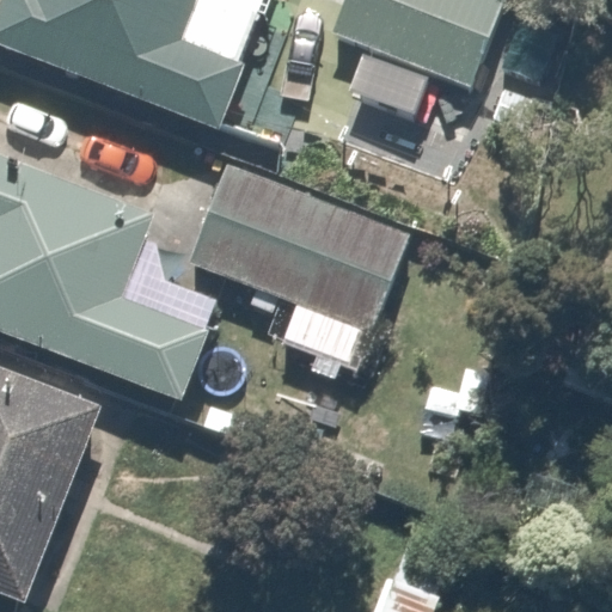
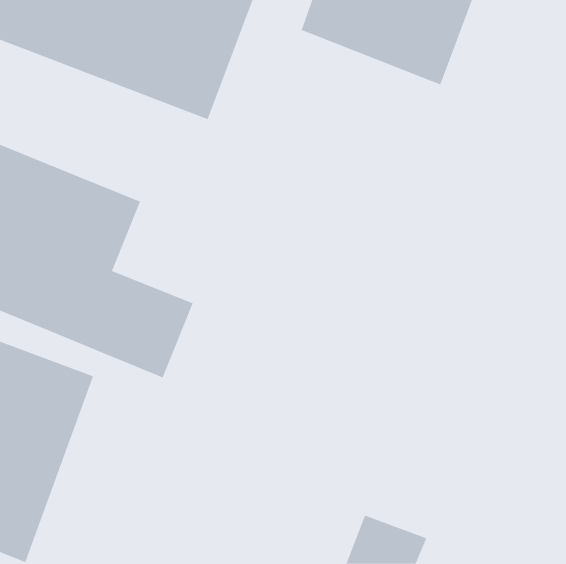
building: [182,161,405,332] -> none

